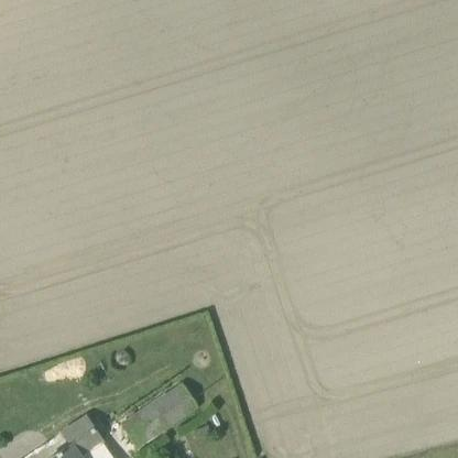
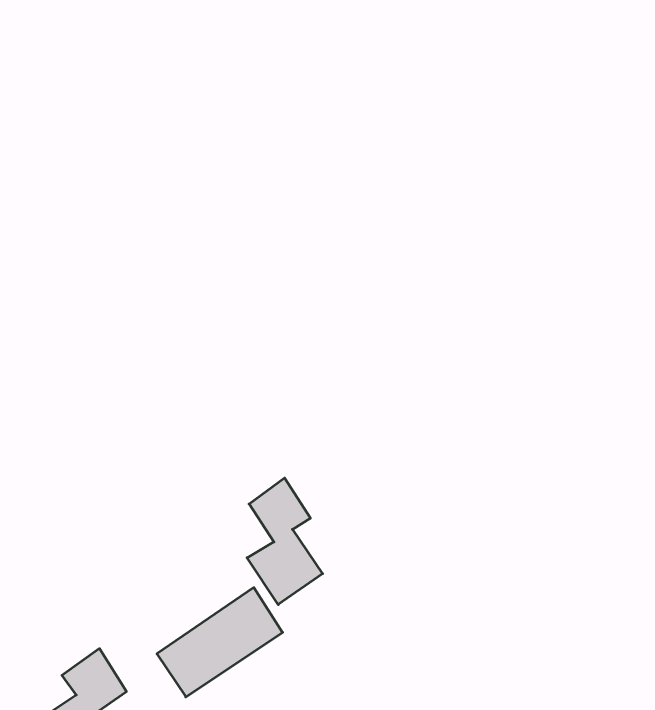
building: none -> [247,478,323,605]

